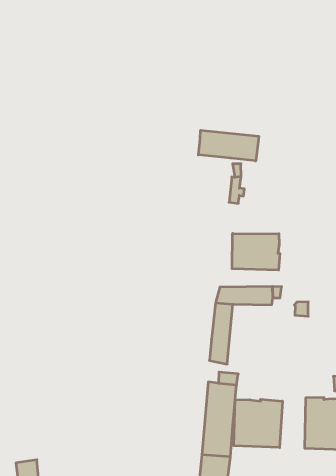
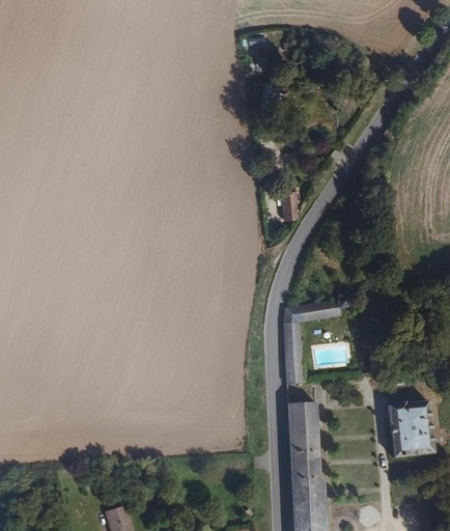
building: [198,130,259,161] -> none
building: [232,233,280,270] -> none
building: [234,399,282,448] -> none

